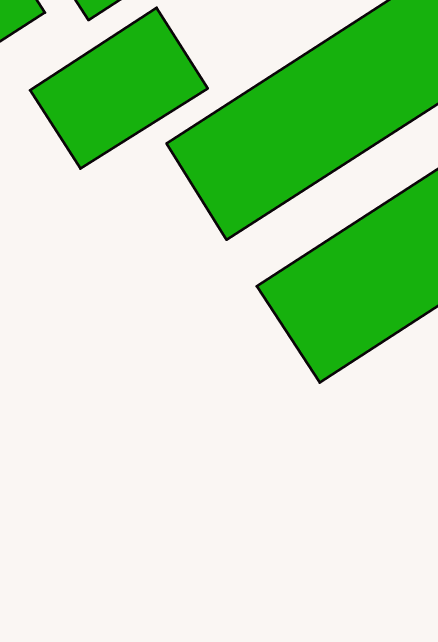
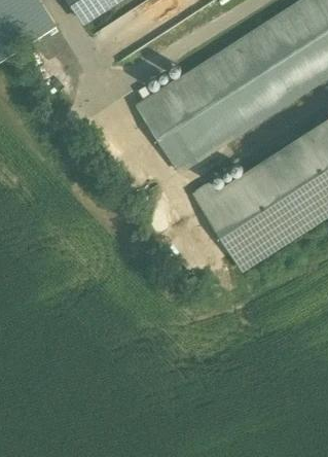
building: [30,8,208,169] -> none

